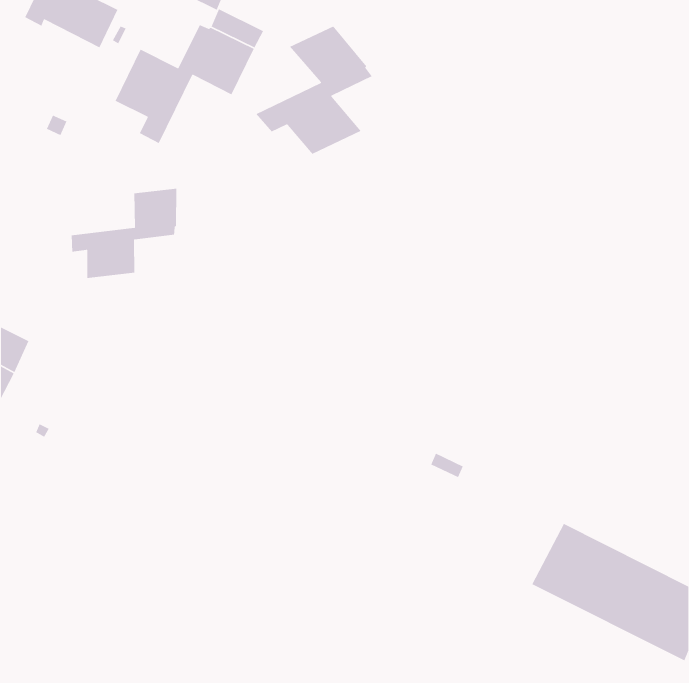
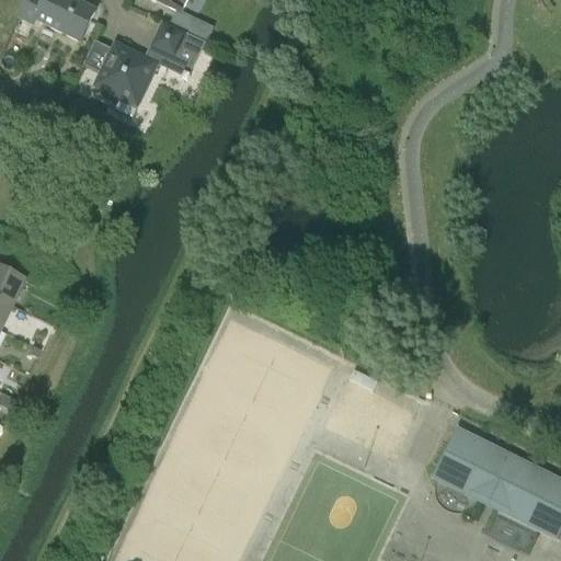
building: [255,25,373,155] -> none
building: [71,188,177,279] -> none

